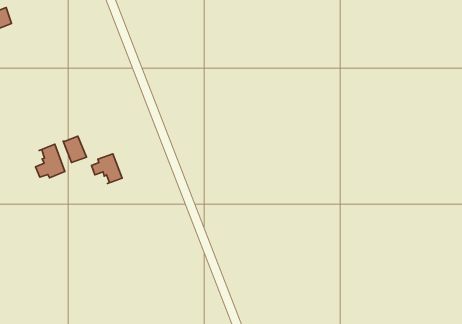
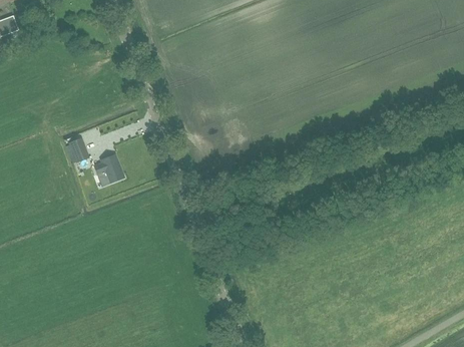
building: [35,144,65,178] -> none

